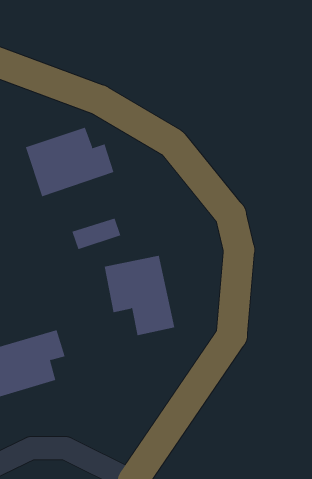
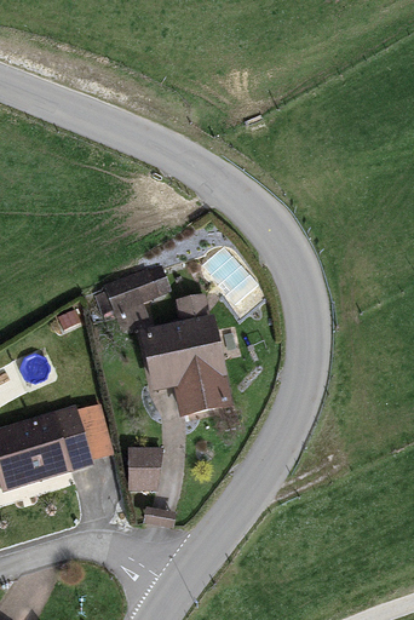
building: [25,127,114,197] -> none
building: none -> [128,448,159,489]

